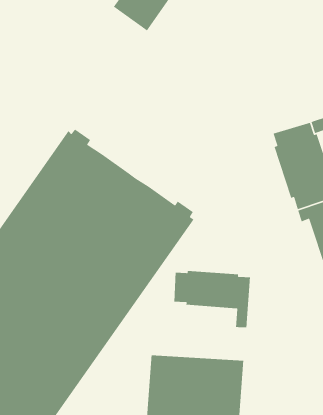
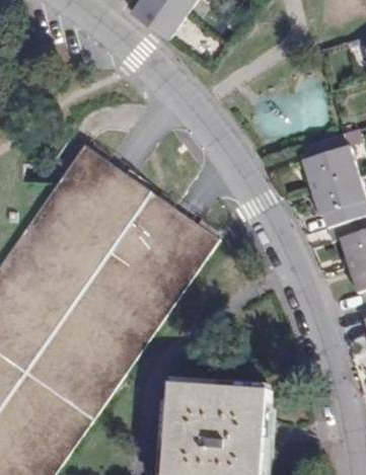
building: [174,270,251,328] -> none

